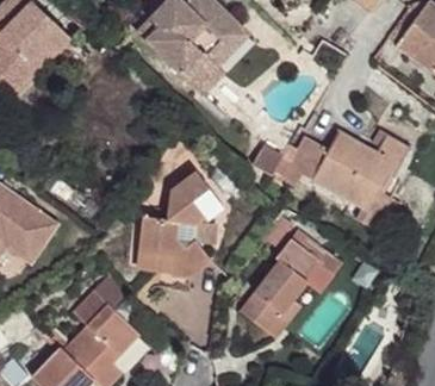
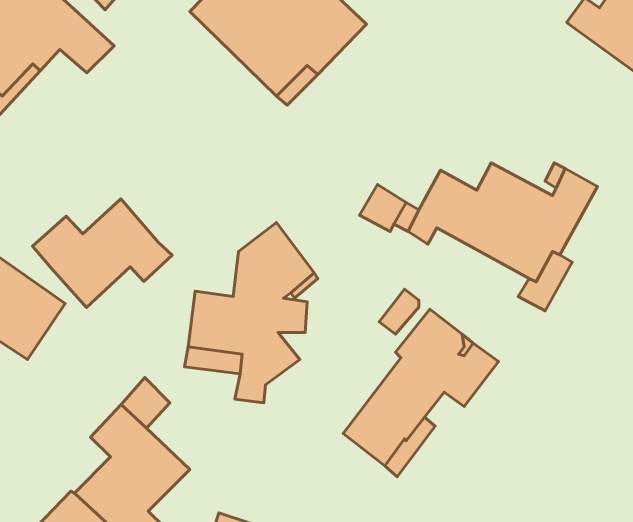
building: none -> [32,199,172,307]

